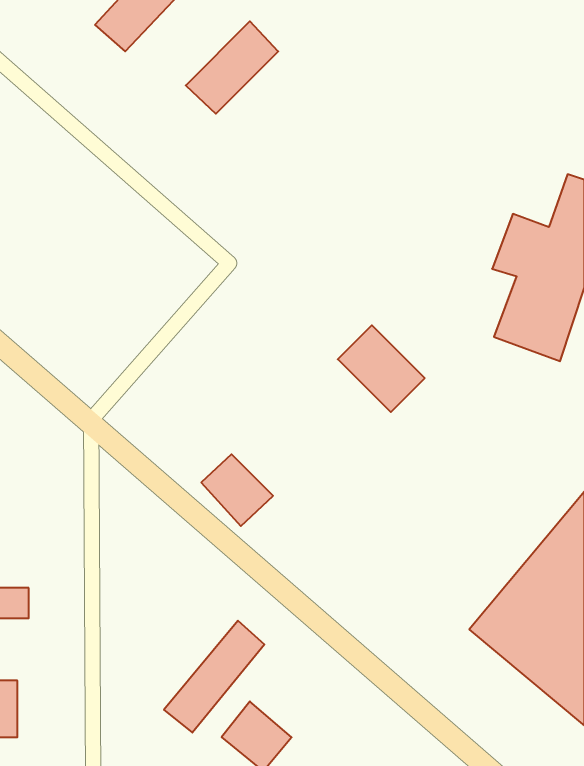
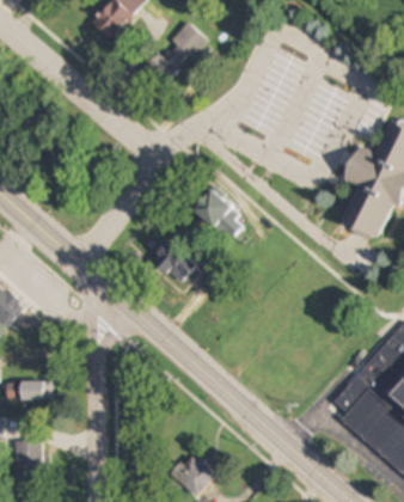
building: [338,325,425,412] -> [191,186,246,241]
building: [201,454,273,526] -> [151,239,196,284]
building: [164,621,264,733] -> none

